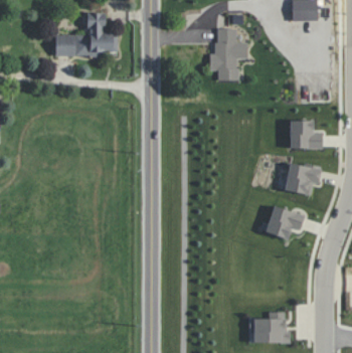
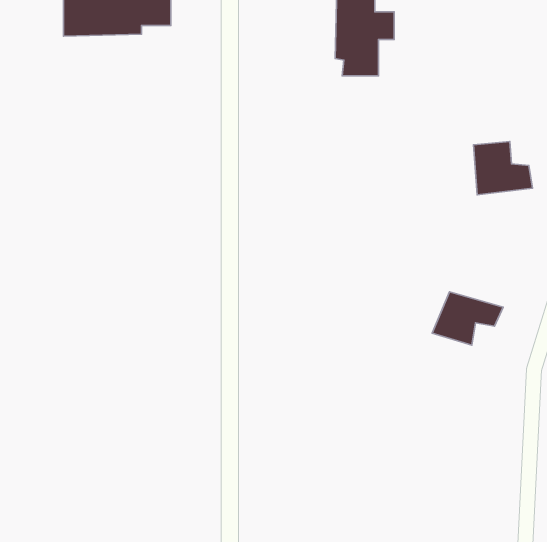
building: [284,161,323,194] -> none
building: [251,312,295,344] -> none

